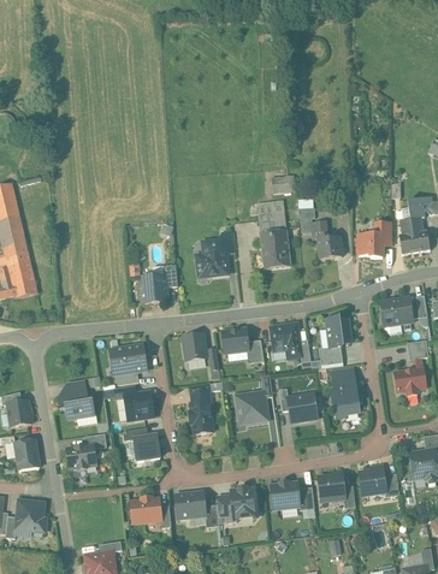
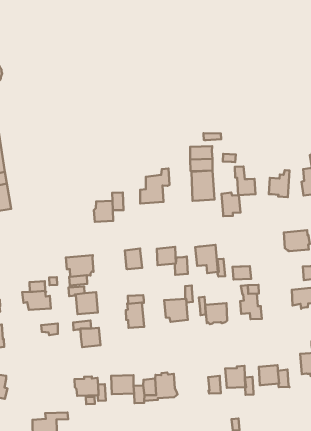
building: [326,318,351,348] -> [222,193,241,216]
building: [66,445,96,469] -> none
building: [271,481,300,509] -> none

